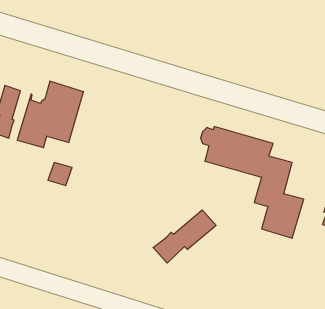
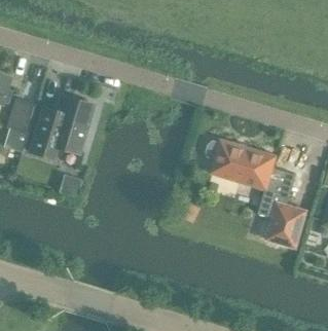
building: [153,210,216,263] -> none

